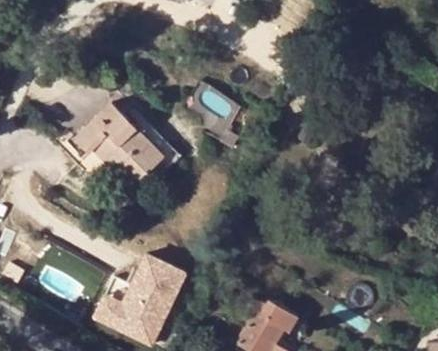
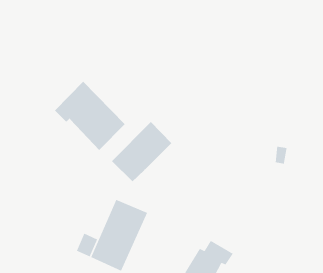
building: none -> [111,121,172,182]

